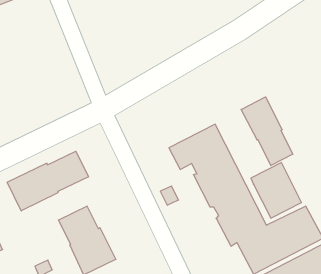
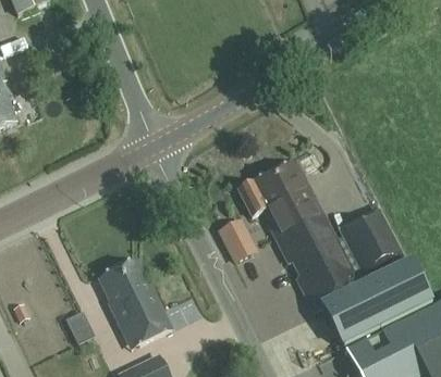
building: [241,97,293,166] -> none
building: [7,151,88,211] -> none

